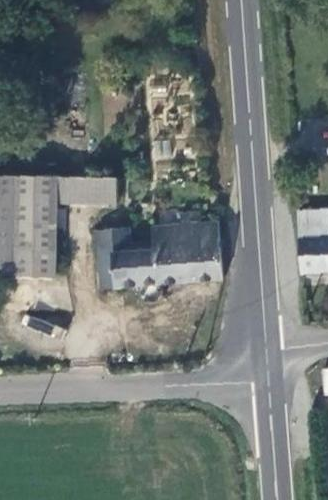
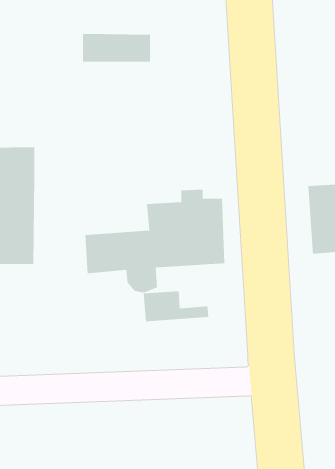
building: [58,176,118,201] -> [82,33,151,62]
building: [99,226,157,253] -> [143,291,209,322]

